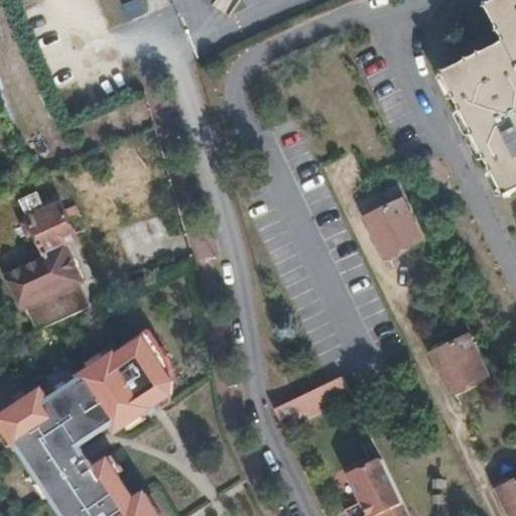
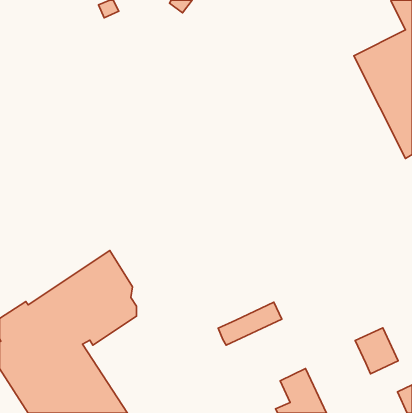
building: [7,194,92,335] -> none
building: [366,200,420,258] -> none
building: [431,337,485,394] -> [355,328,398,374]

